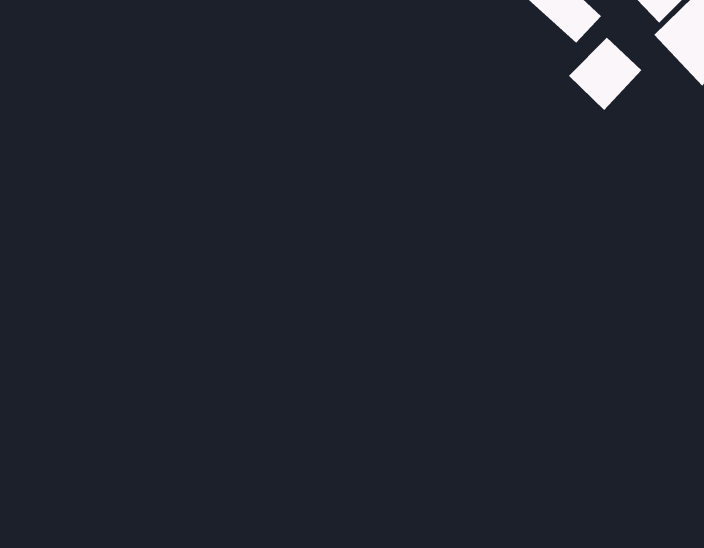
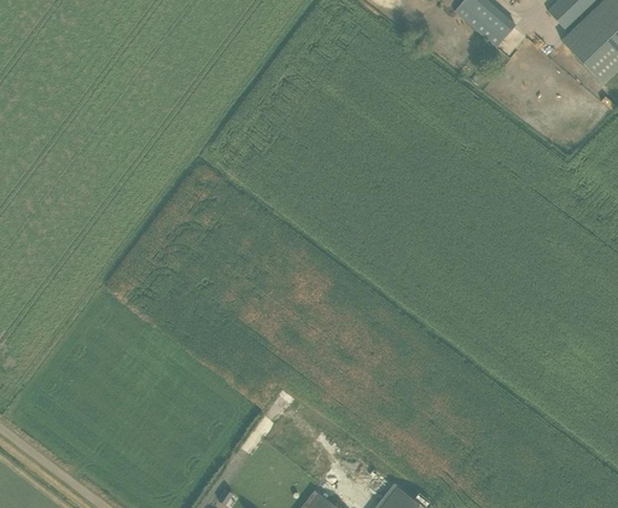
building: [568,37,642,111] -> none

